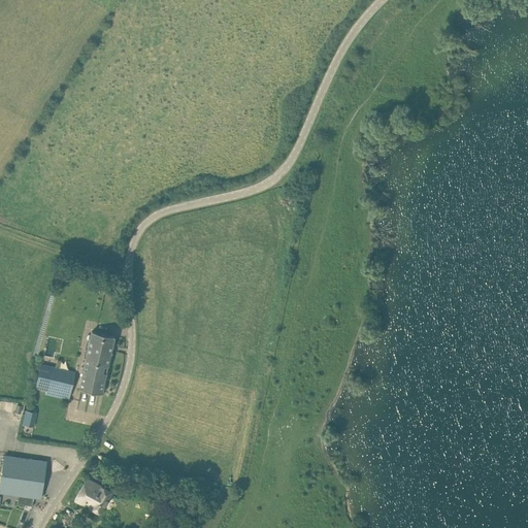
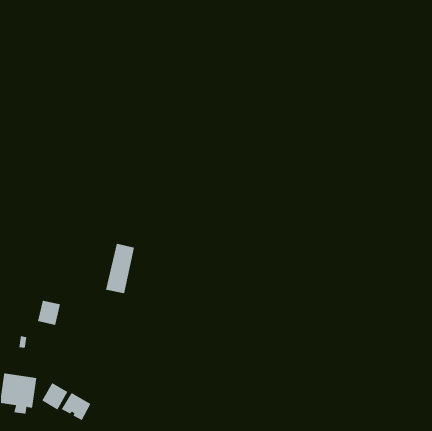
building: [78,332,114,394] -> [105,243,135,294]
building: none -> [41,382,68,410]

